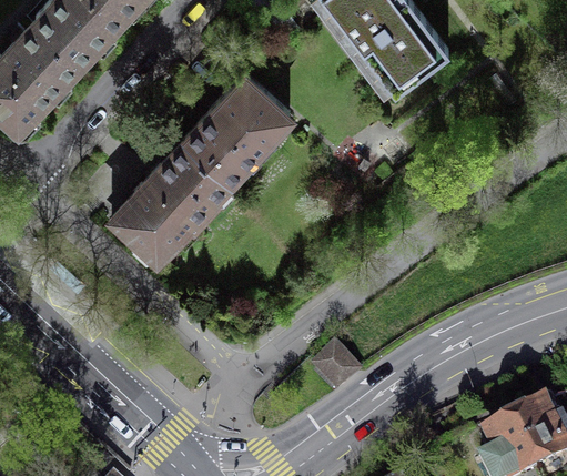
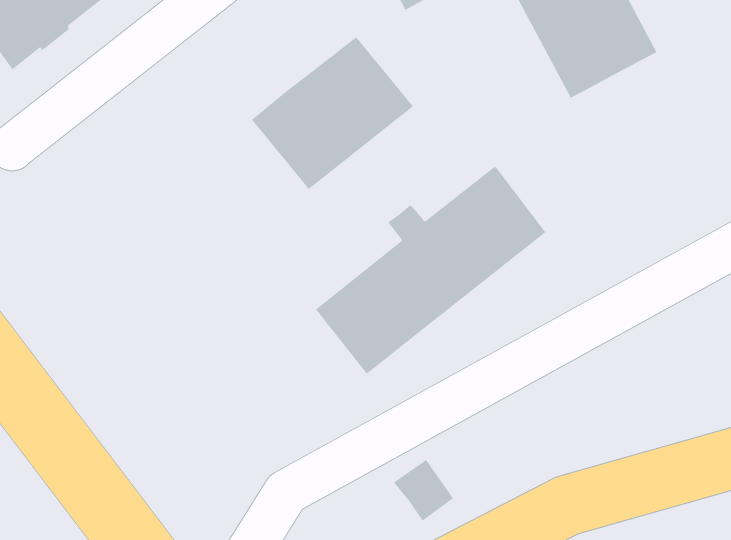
building: [111,143,227,262] -> none
building: none -> [315,166,546,375]

